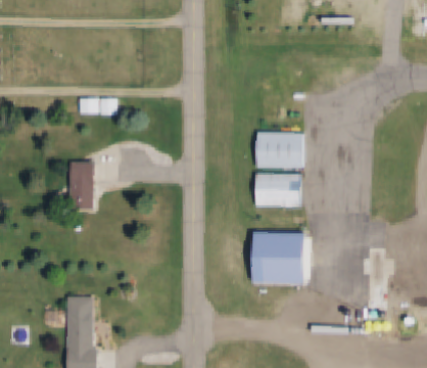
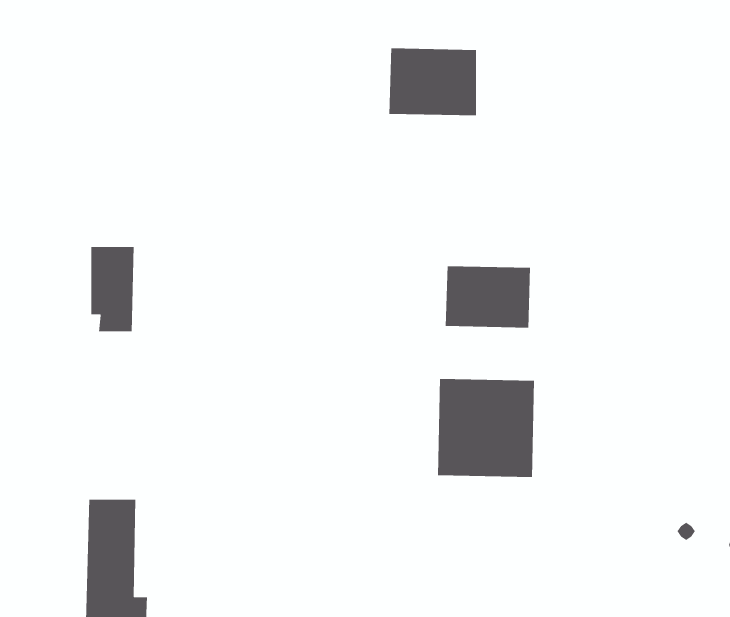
building: [75,100,113,117] -> none
building: [257,131,304,168] -> [389,47,477,116]

